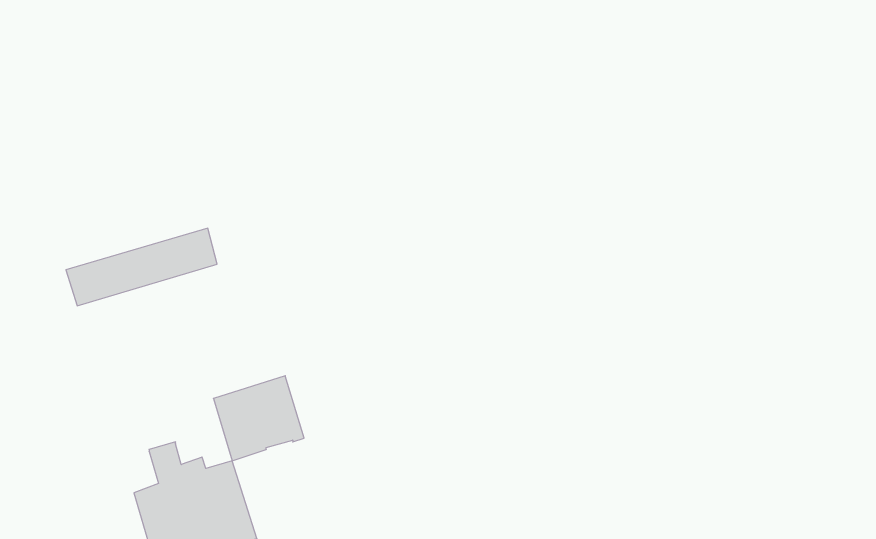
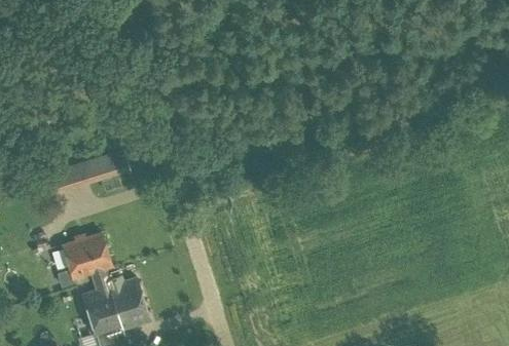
building: [213,376,304,461] -> [62,231,111,277]

